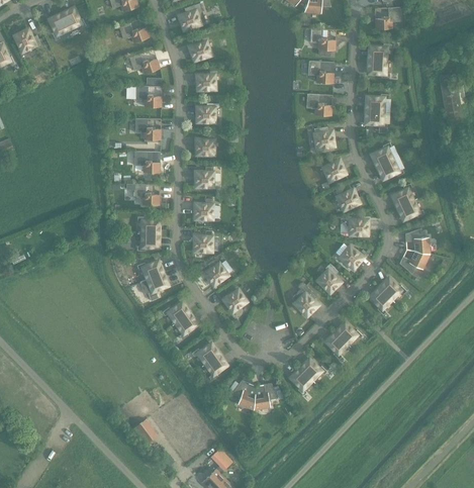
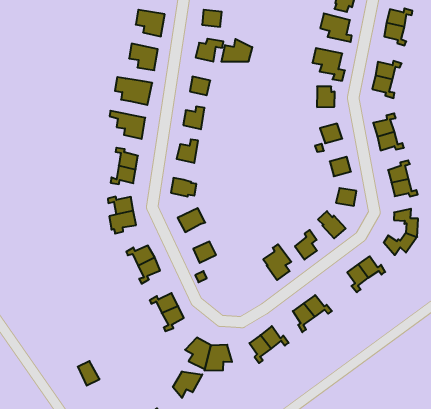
building: none -> [221,39,252,62]
building: none -> [173,371,202,398]

